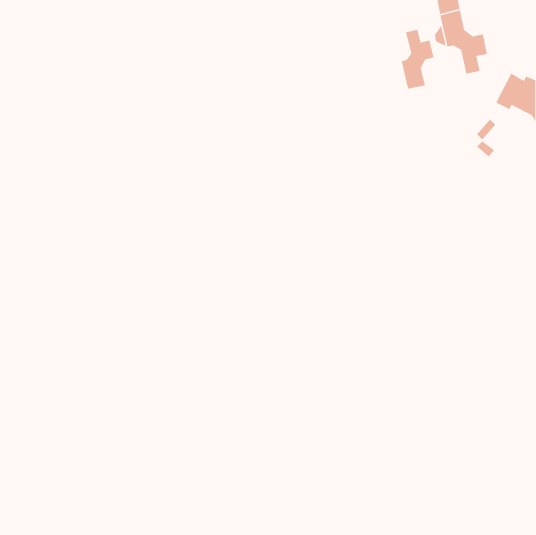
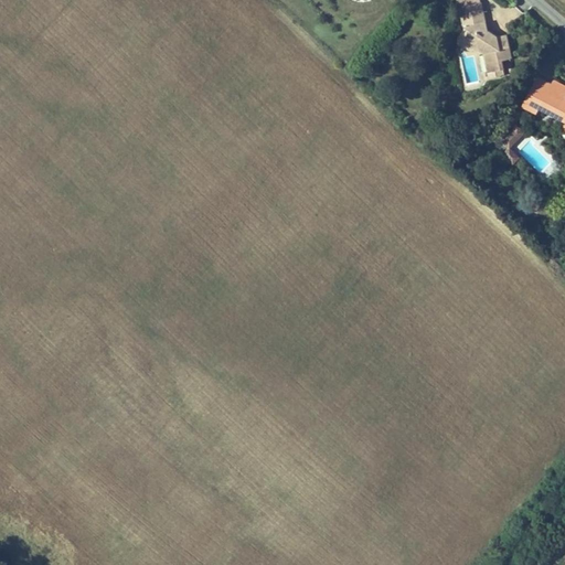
building: [401,29,435,90] -> none

